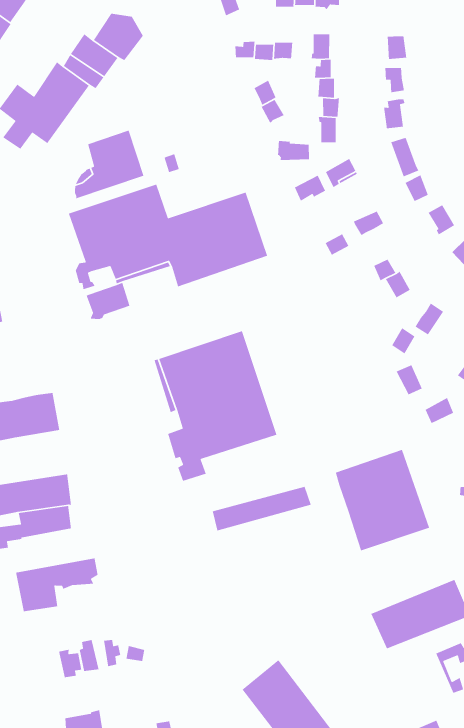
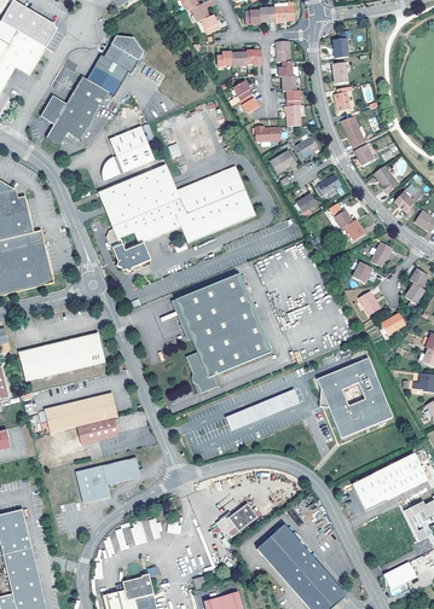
building: none -> [215,503,259,533]

